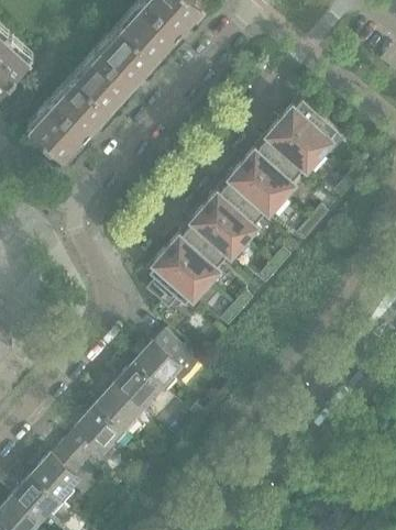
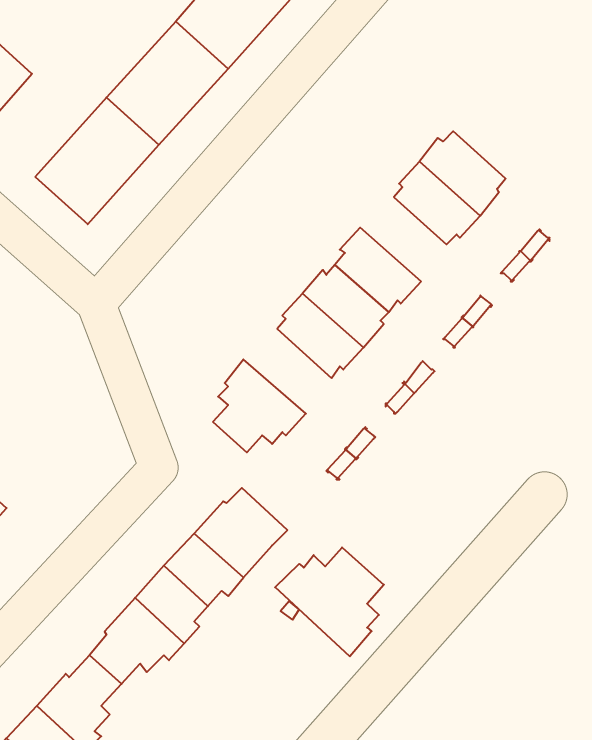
building: [241,143,297,198] -> none
building: [165,229,222,284] -> none
building: none -> [275,547,384,656]

